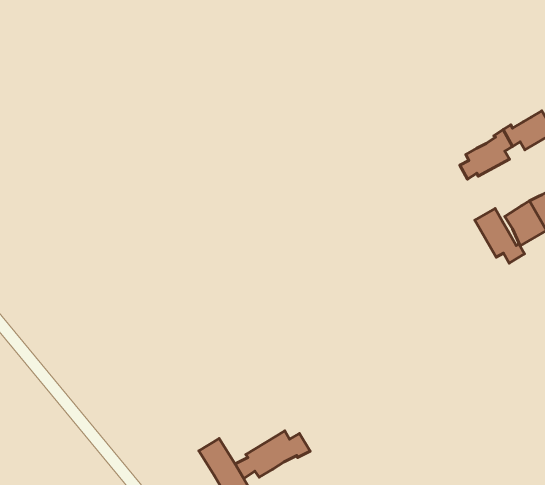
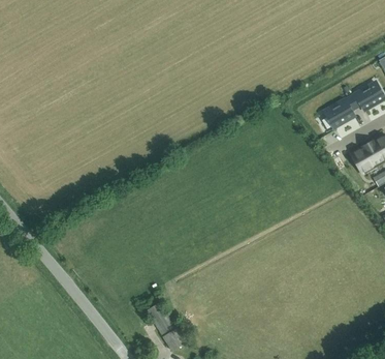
building: [475,208,524,263] -> none
building: [235,431,310,479] -> none

